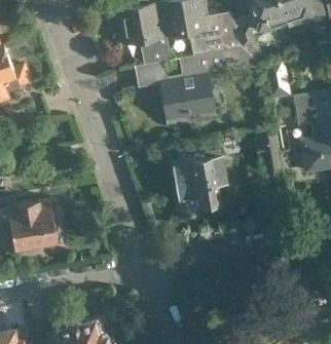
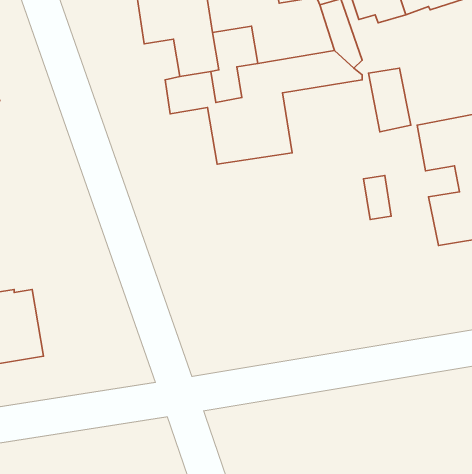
building: [174,150,224,205] -> none

